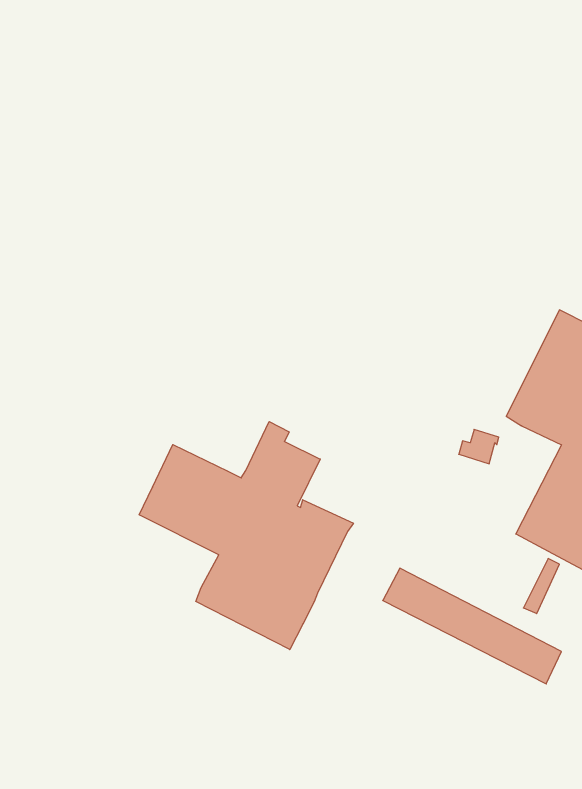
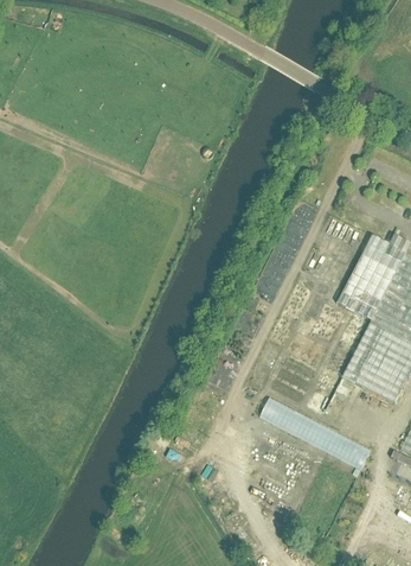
building: [139,422,353,650] -> none

